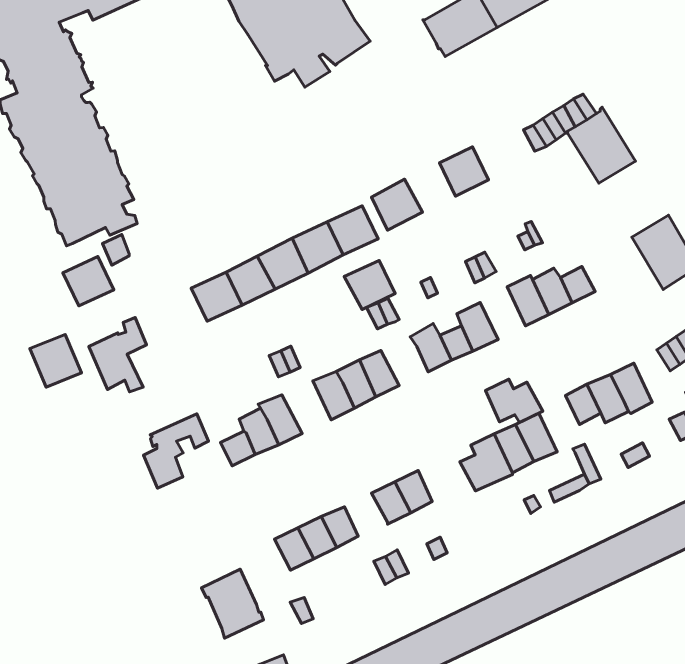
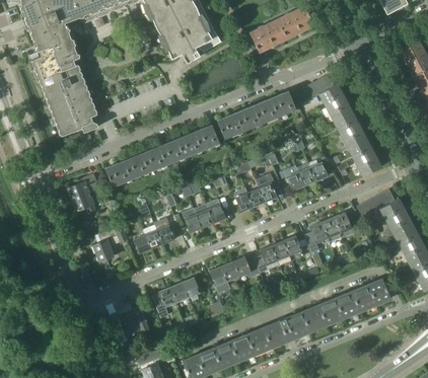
building: none -> [271,91,296,116]
building: none -> [334,110,368,149]
building: [63,257,114,306] -> [105,161,131,185]
building: [344,260,395,310] -> [235,105,261,130]
building: [30,334,81,387] -> none
building: [485,379,543,423] -> [233,255,262,278]

